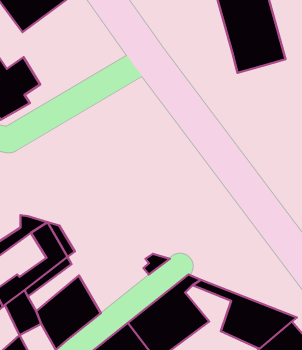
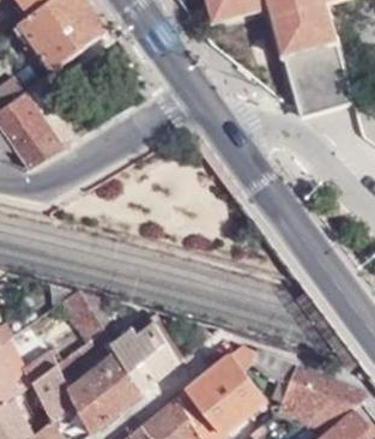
building: none -> [111,320,179,392]

